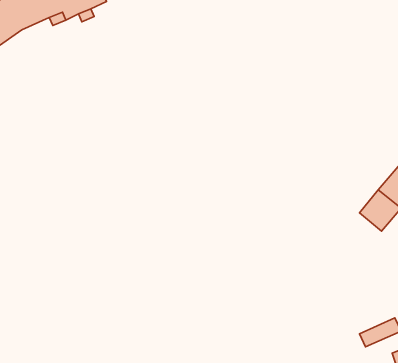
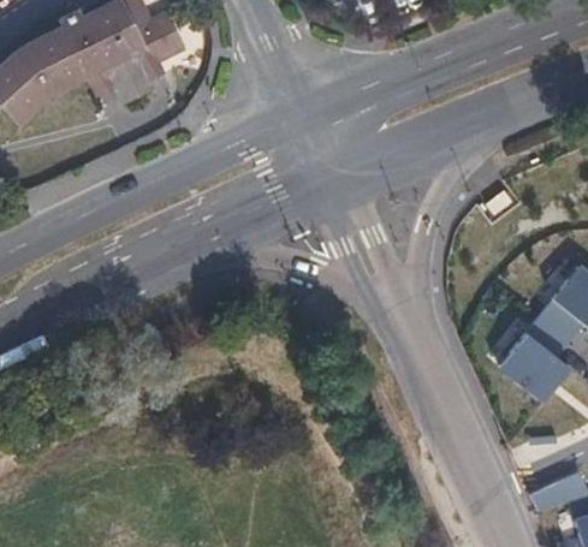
building: none -> [499,331,571,402]

